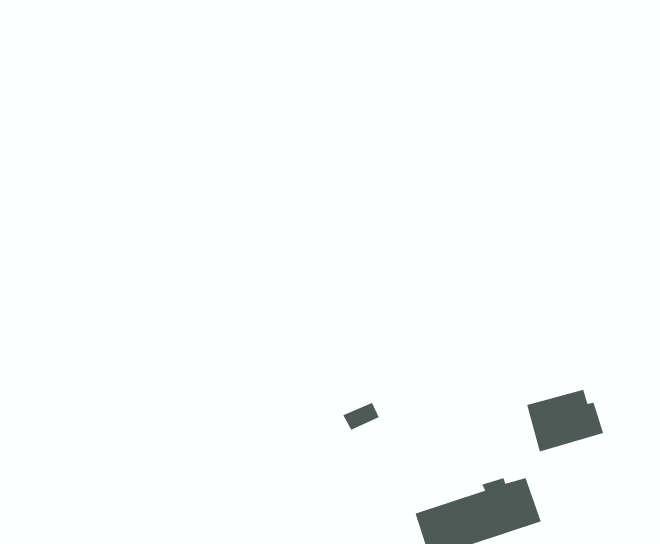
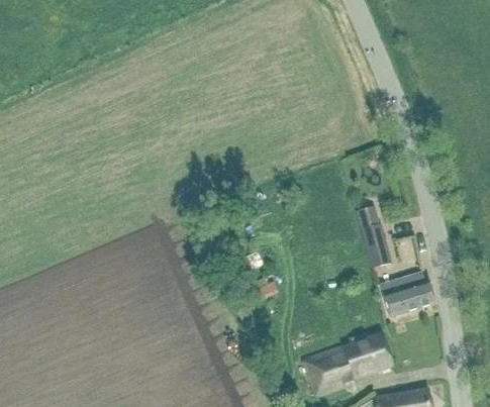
building: none -> [357,205,391,267]

